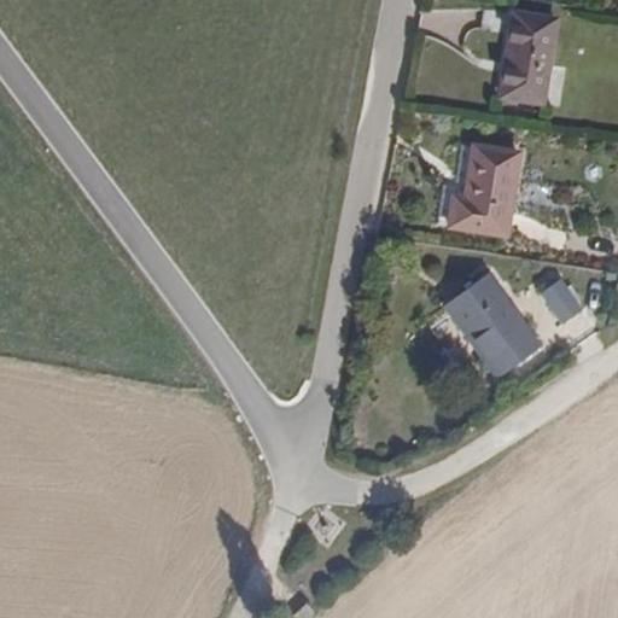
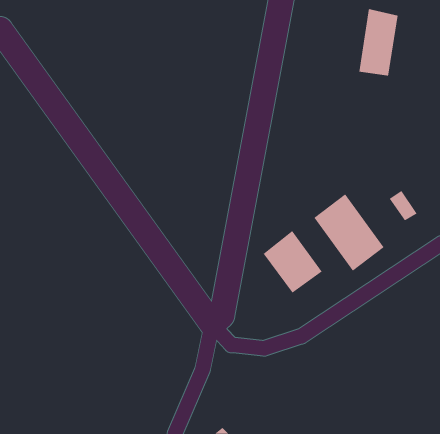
building: [450,146,520,232] -> none
building: none -> [263,230,323,294]

